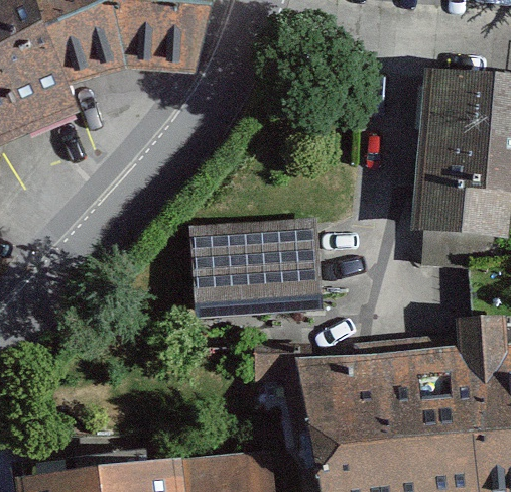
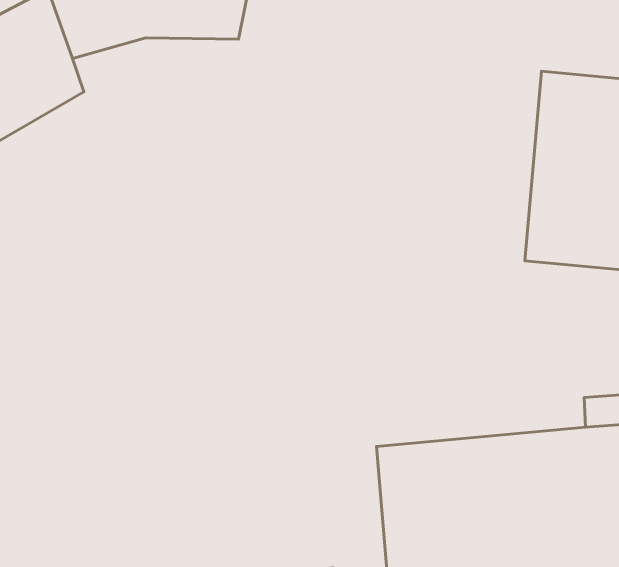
building: [196,222,318,303] -> none

